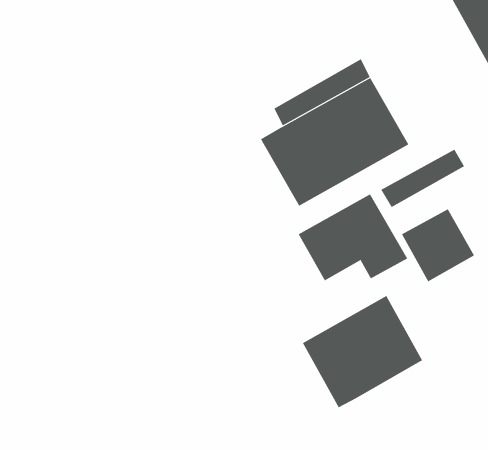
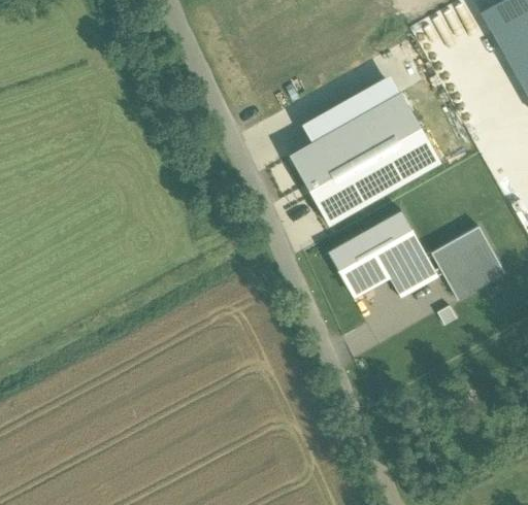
building: [380,149,465,208] -> none
building: [302,295,423,408] -> none

